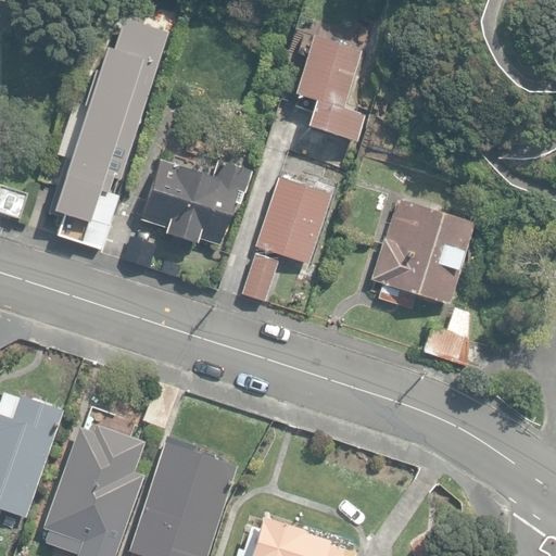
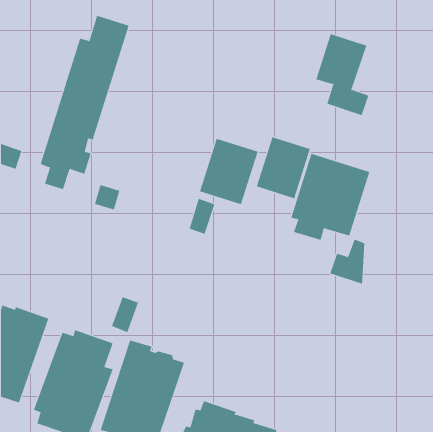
building: [295,36,364,141] -> [316,34,369,116]
building: [141,160,252,245] -> none
building: none -> [256,137,311,199]

